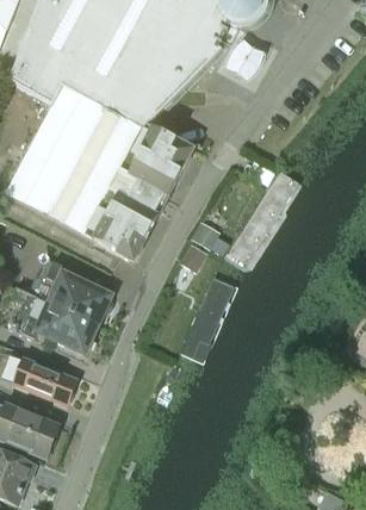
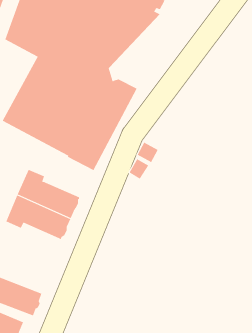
building: [227,172,300,267] -> none
building: [182,275,236,360] -> none
building: [15,359,79,404] -> none

